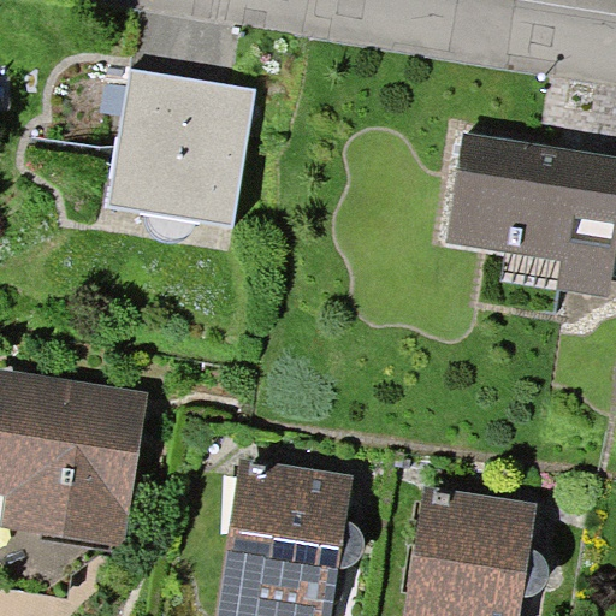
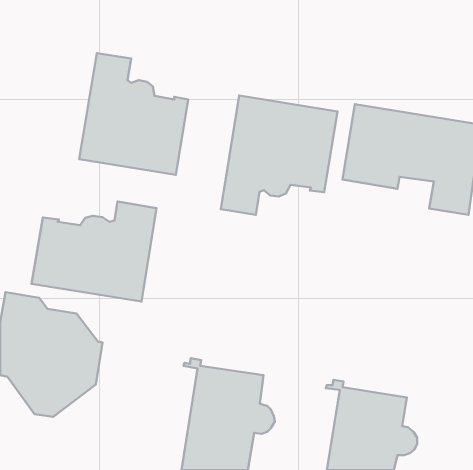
building: none -> [221,96,338,215]
building: none -> [32,202,156,302]

